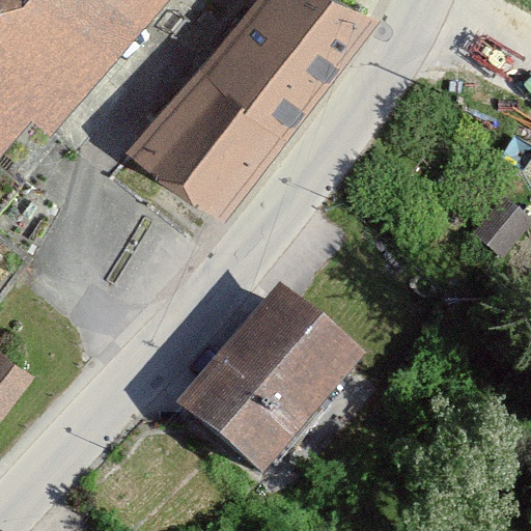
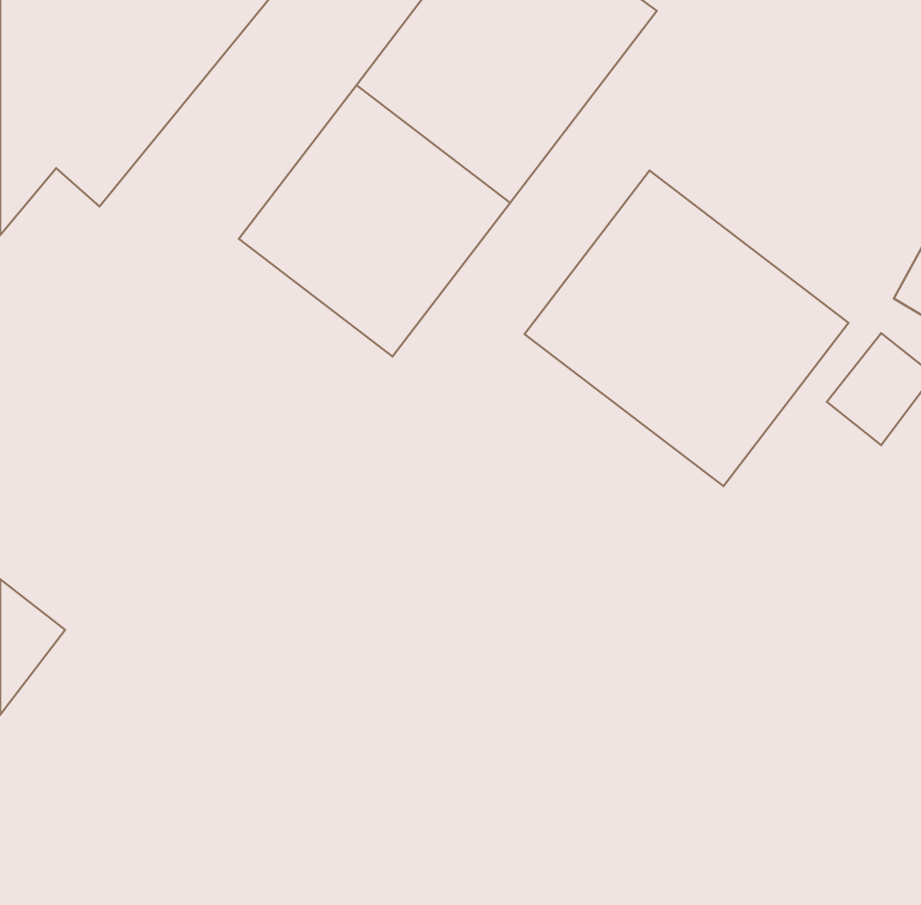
building: none -> [525,171,849,486]
building: [184,292,362,475] -> none

